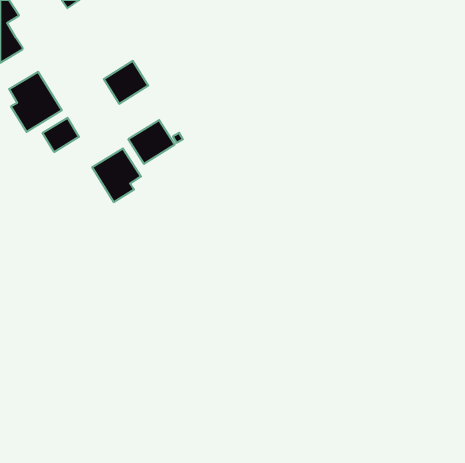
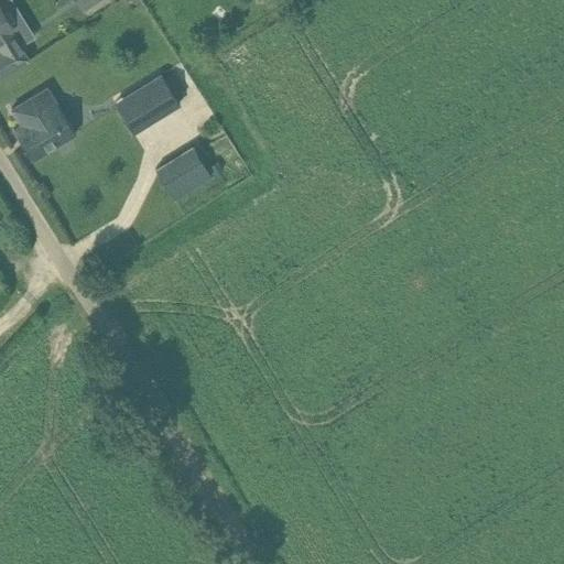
building: [43,118,79,152] -> none
building: [92,148,141,202] -> none

